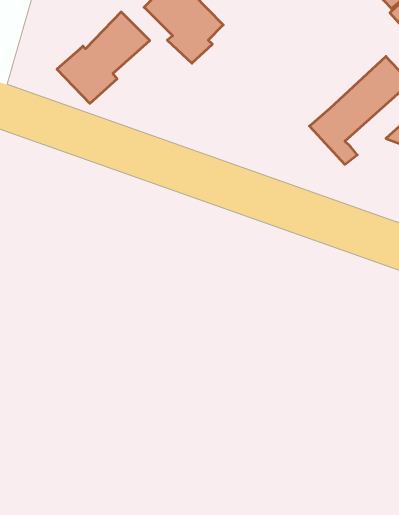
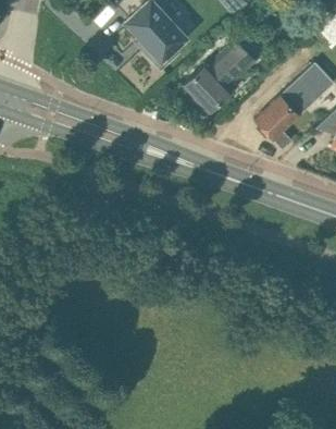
building: [57,12,150,103] -> [183,38,257,111]

